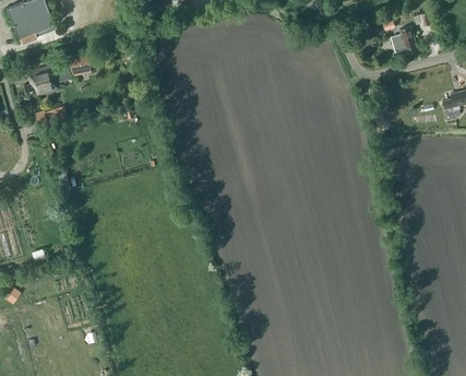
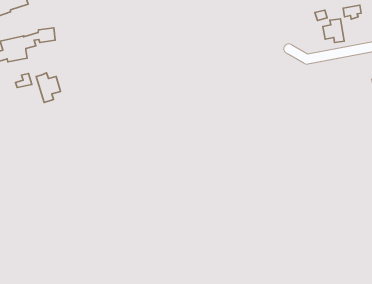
building: none -> [36,73,60,103]

